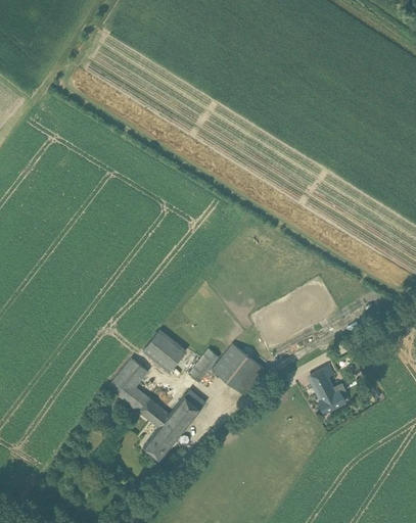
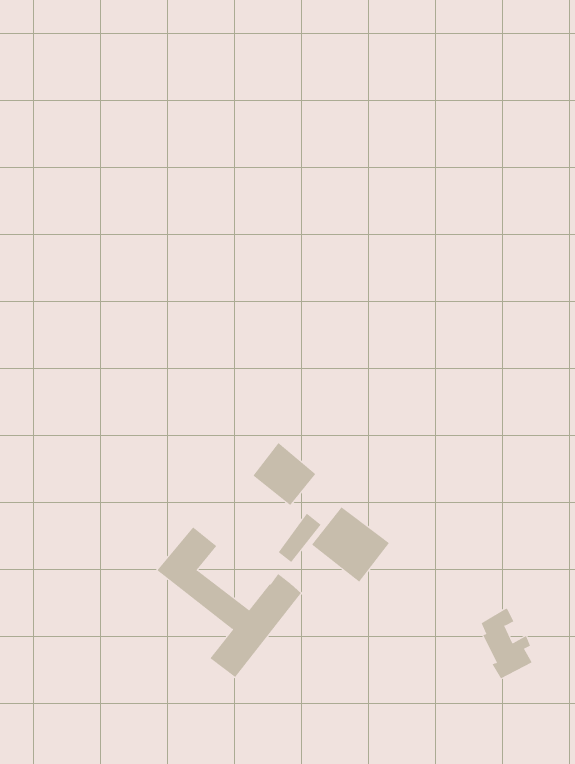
building: [143,329,186,372] -> [253,442,316,506]
building: [311,365,345,413] -> [481,608,532,679]

